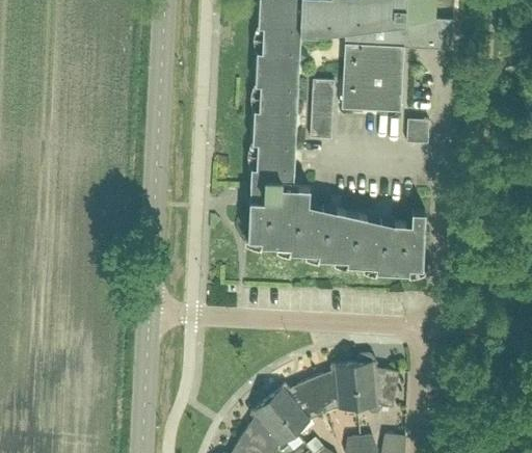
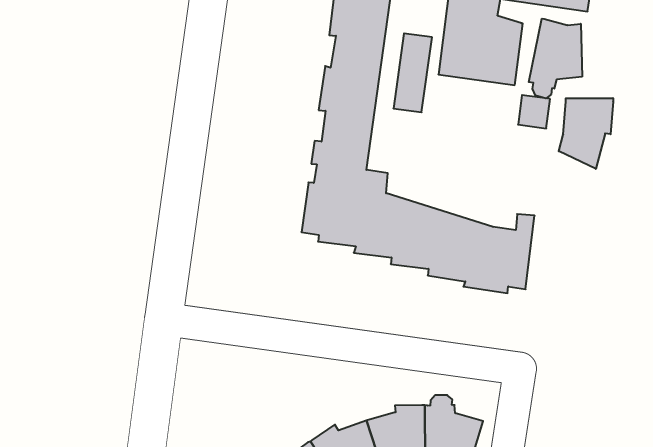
building: none -> [529,19,582,98]
building: none -> [559,98,613,169]

